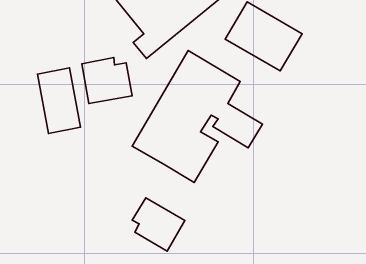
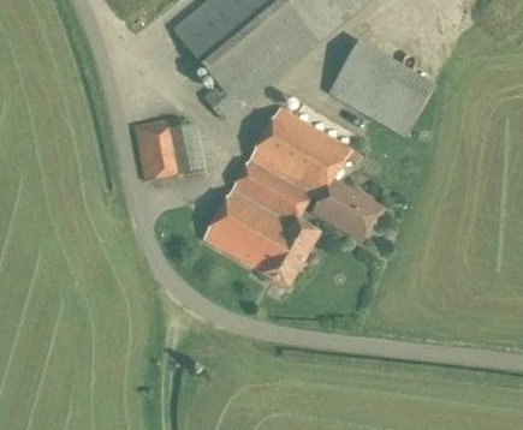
building: [38,68,81,134] -> none
building: [132,198,185,251] -> none

